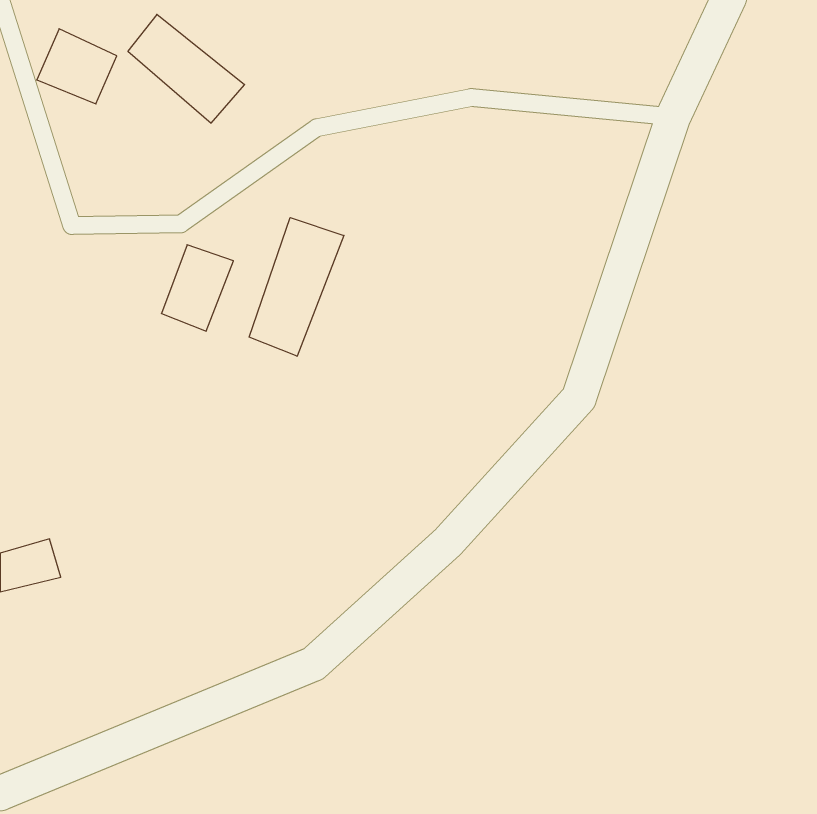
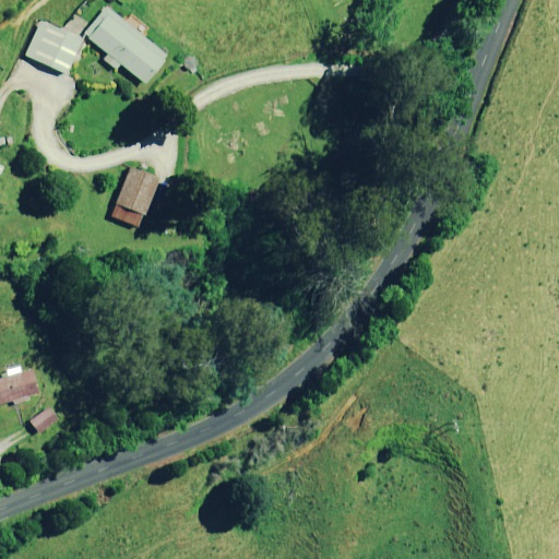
building: [249,218,344,356] -> none
building: none -> [29,405,61,433]

